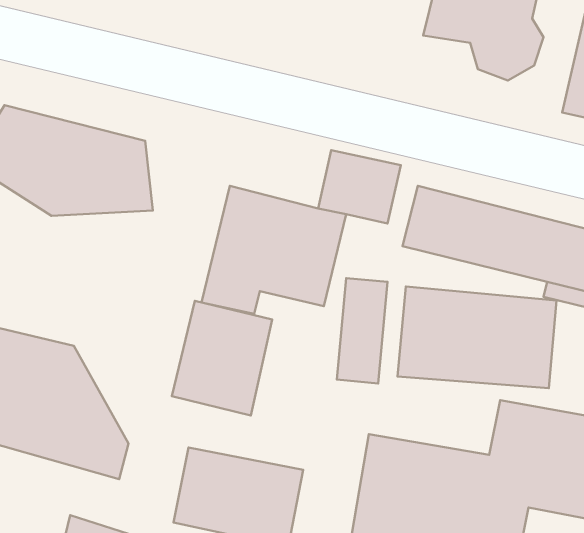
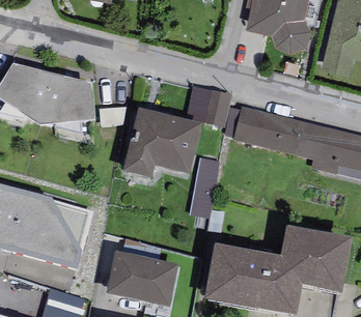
building: [397,287,557,388] -> none
building: [172,301,272,416] -> none

